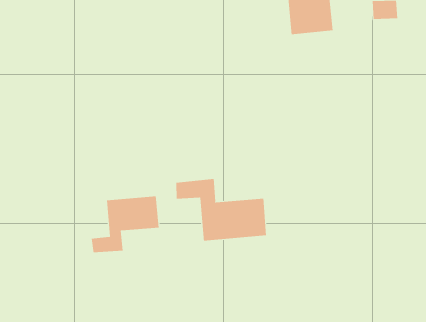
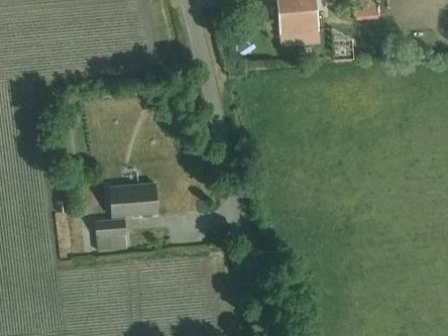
building: [176,178,267,241] -> none

